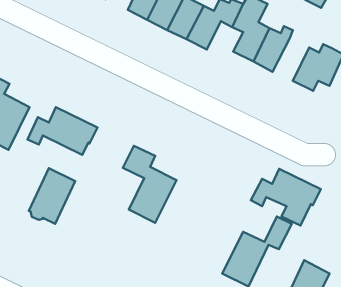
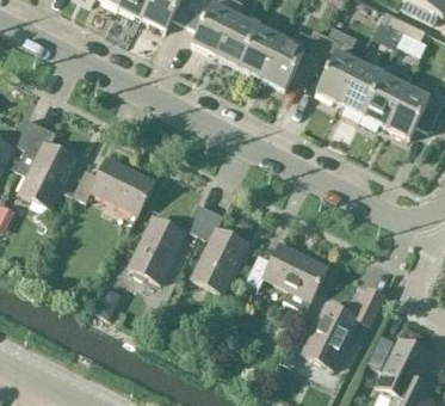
building: none -> [361,66,409,127]
building: [29,168,75,224] -> [129,217,184,283]
building: [251,169,321,226] -> [246,244,328,310]

